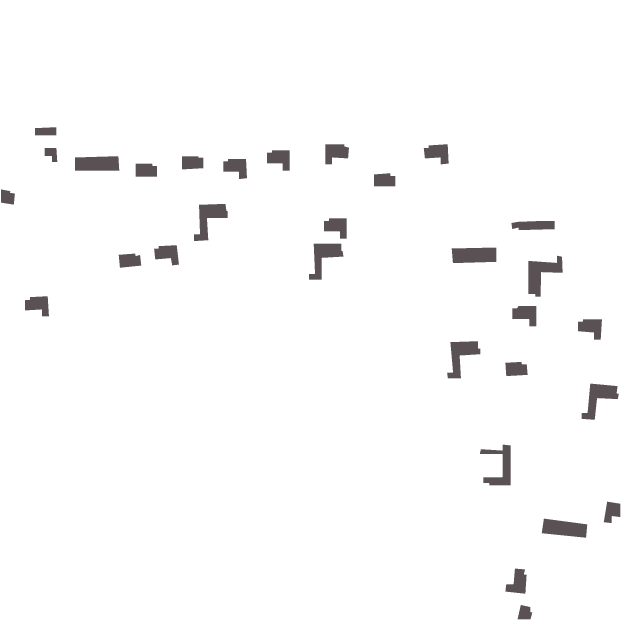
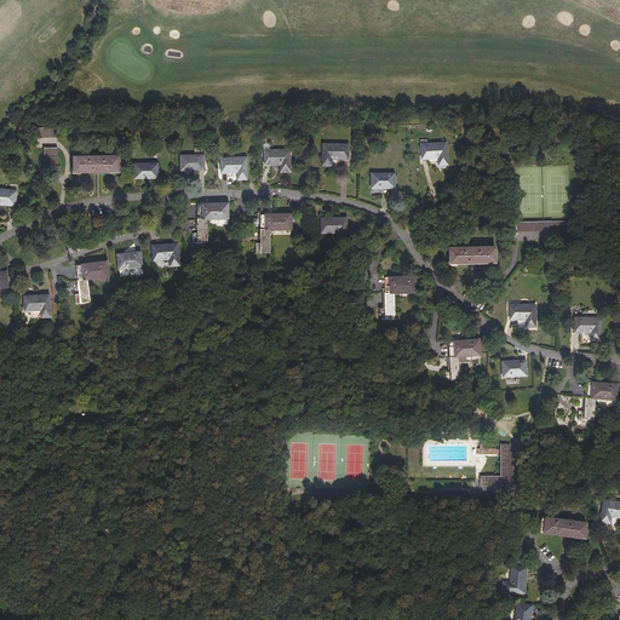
building: [308,243,345,280] -> [256,213,292,251]
building: [528,255,564,298] -> none
building: none -> [74,260,109,302]
building: none -> [379,276,415,314]

